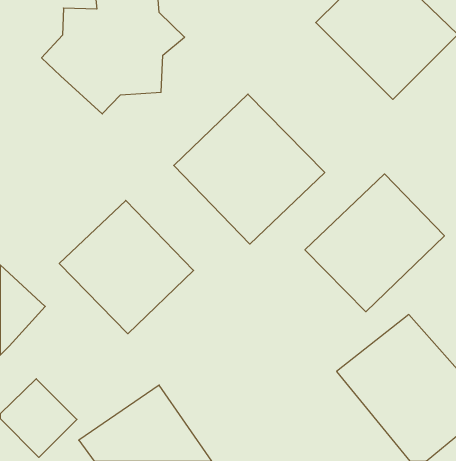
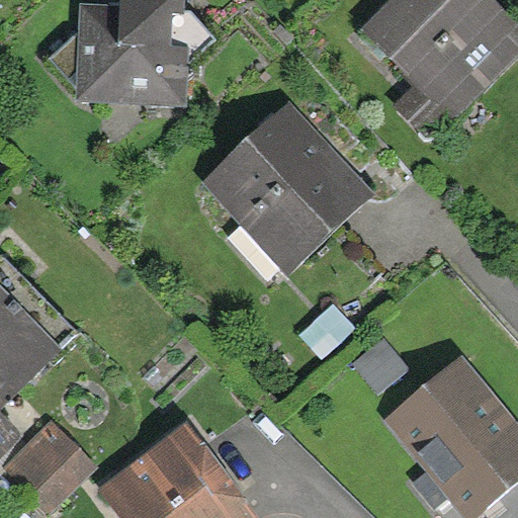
building: [305,174,444,312] -> none
building: [59,200,194,334] -> none

